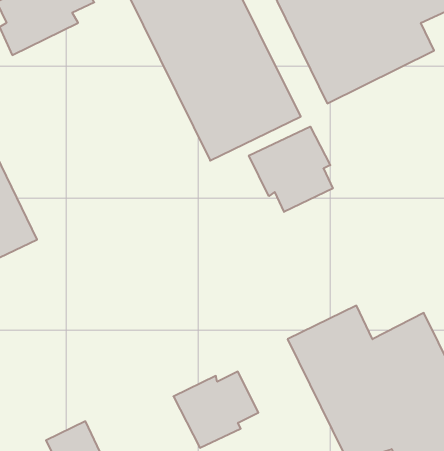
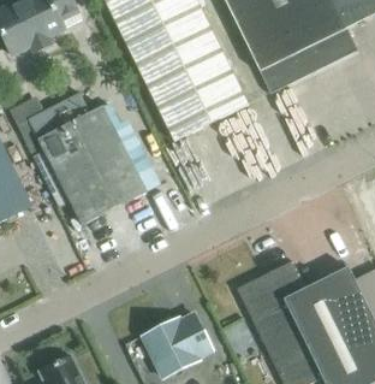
building: none -> [26,90,144,223]
building: [249,127,333,212] -> none

